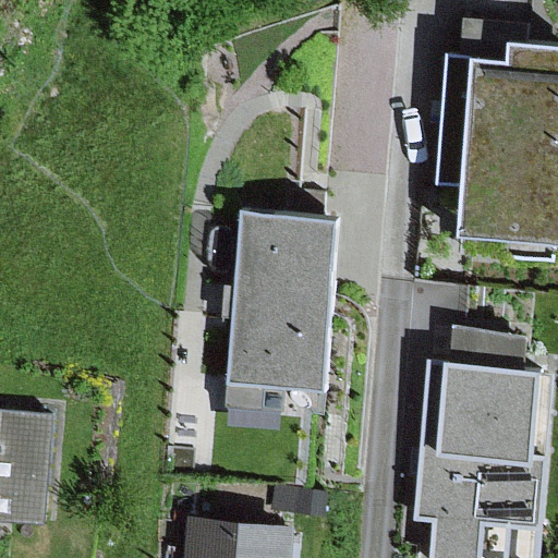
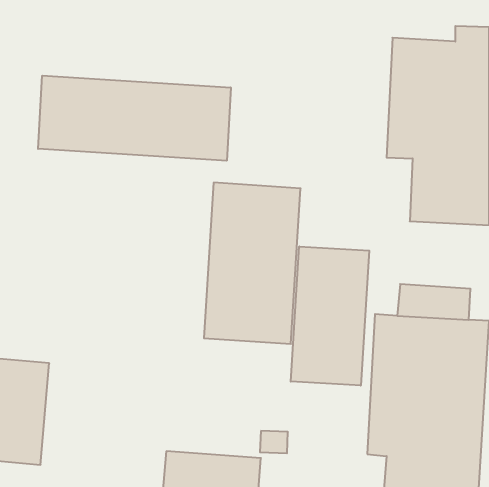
building: none -> [38,76,231,161]
building: none -> [291,246,369,386]

